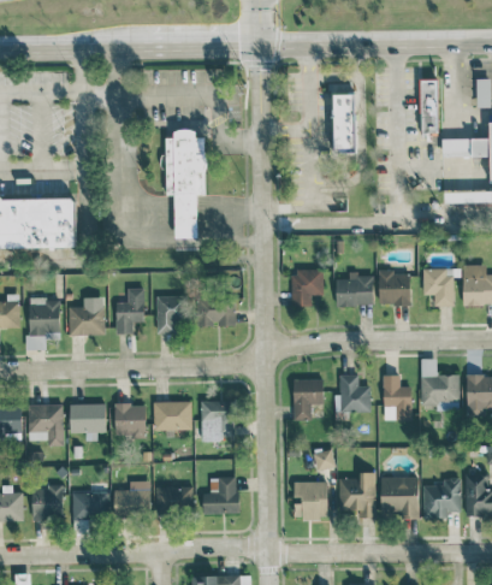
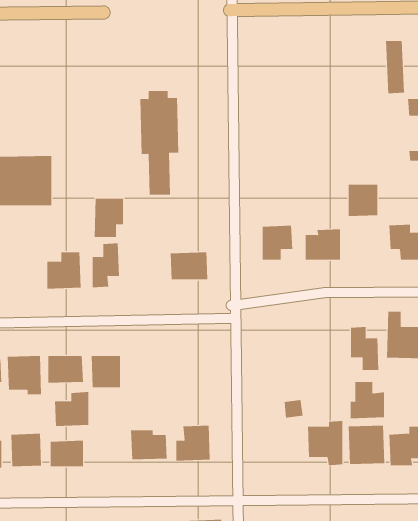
building: [332,93,357,154] -> none
building: [379,272,410,306] -> [348,184,378,217]
building: [155,296,186,337] -> [94,198,124,238]
building: [28,299,60,349] -> none
building: [334,374,371,413] -> [350,381,385,419]
building: [292,379,324,420] -> none
building: [201,400,235,441] -> none
building: [153,401,191,431] -> none
building: [113,480,149,516] -> [54,392,89,426]
building: [294,481,328,519] -> none

